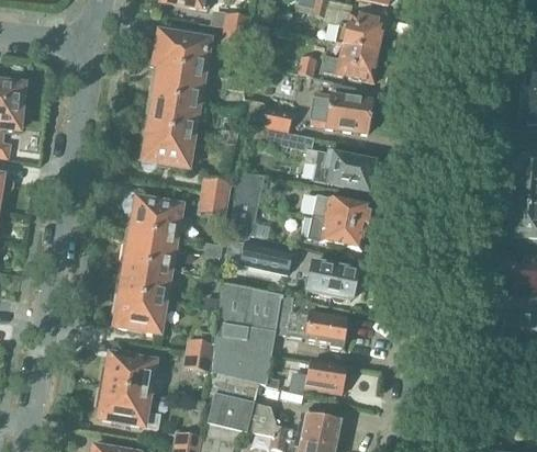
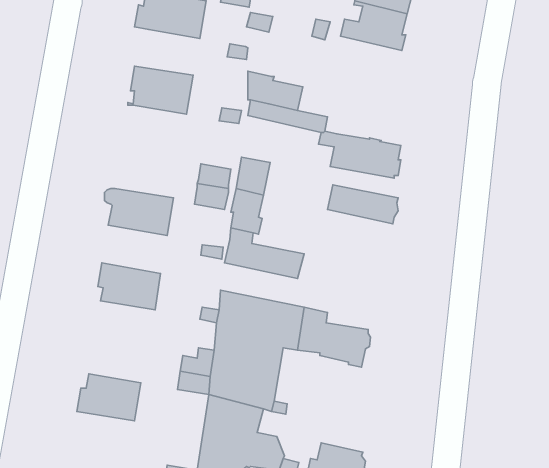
building: [149,61,204,102] -> none
building: [310,92,373,132] -> none
building: [141,127,193,171] -> none
building: [307,215,367,248] -> none
building: [122,228,177,269] -> none
building: [307,260,358,298] -> none
building: [113,292,167,332] -> none
building: [291,359,348,392] -> none
building: [98,385,158,428] -> none

